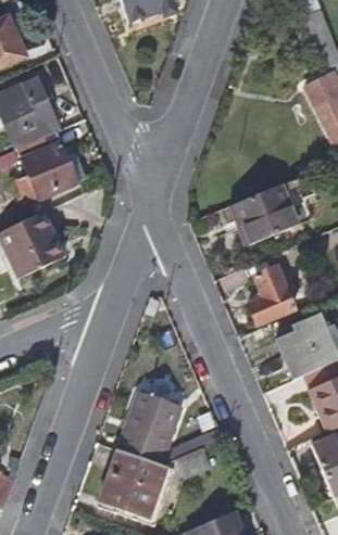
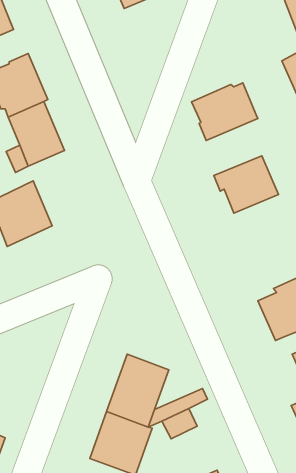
building: none -> [191,83,258,141]
building: [248,266,293,322] -> none

